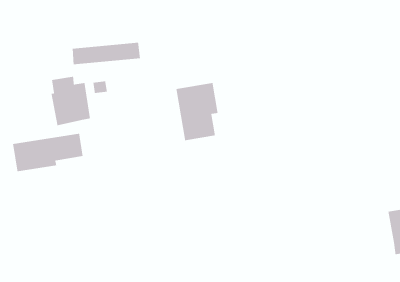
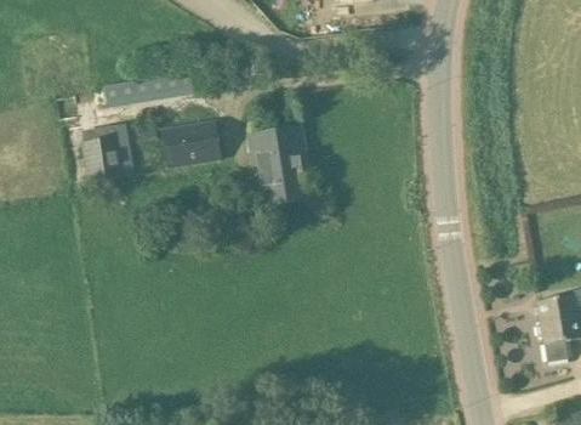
building: none -> [161,123,220,168]
building: [12,133,84,172] -> none

